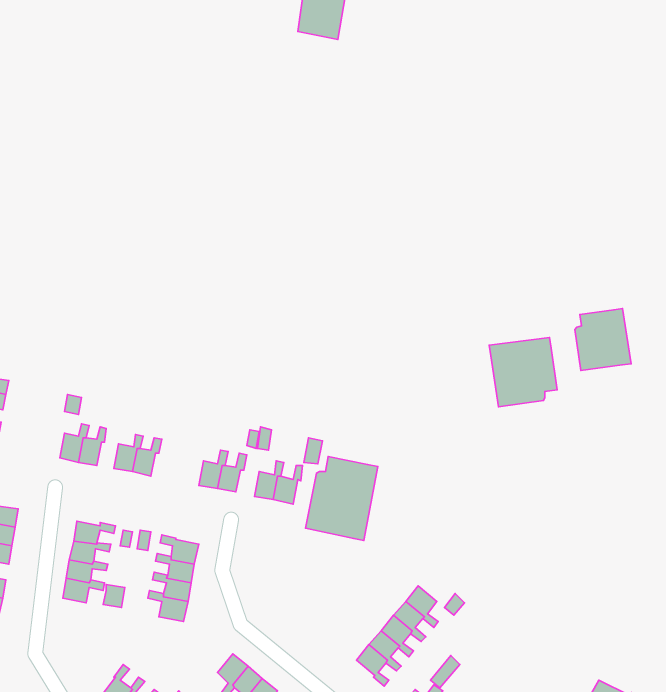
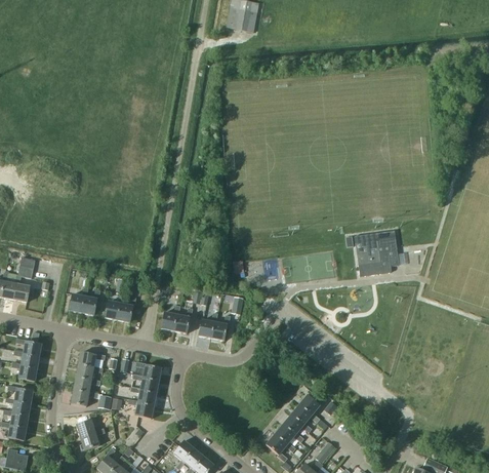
building: [575,309,631,370] -> none
building: [306,456,378,540] -> none
building: none -> [76,420,105,449]

